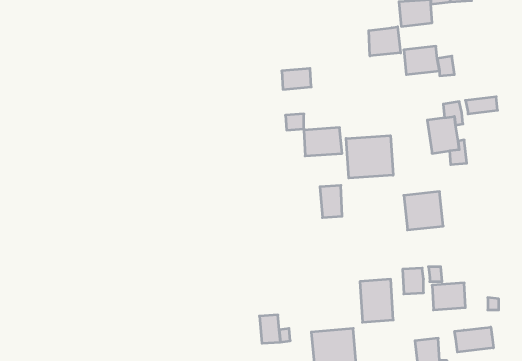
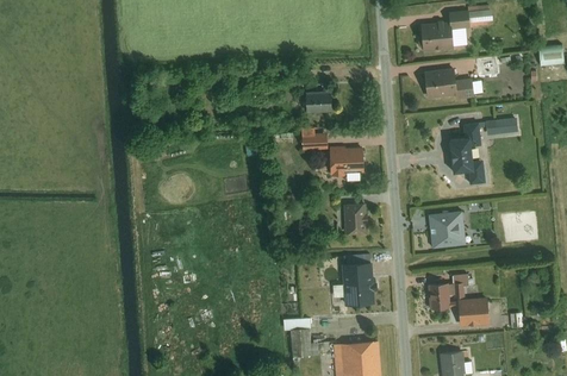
building: [369,27,401,56] -> none
building: [346,136,393,178] -> none
building: [360,279,393,322] -> [339,263,372,305]
building: [455,327,493,352] -> none

